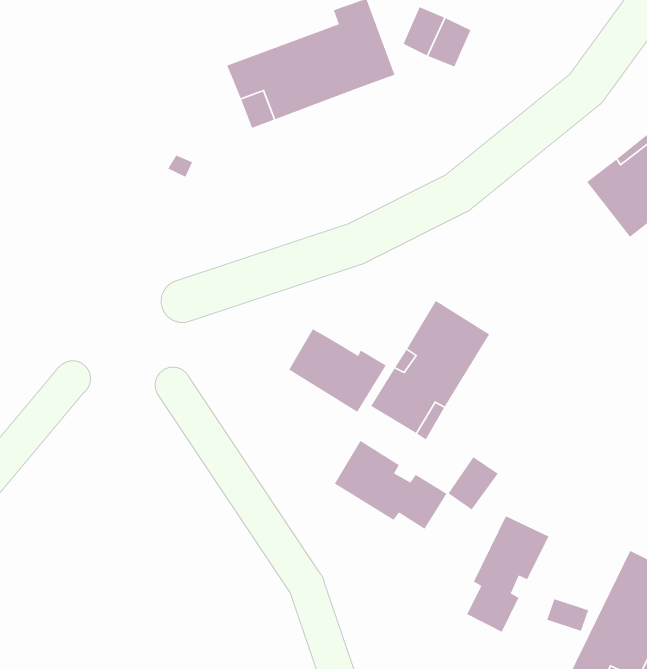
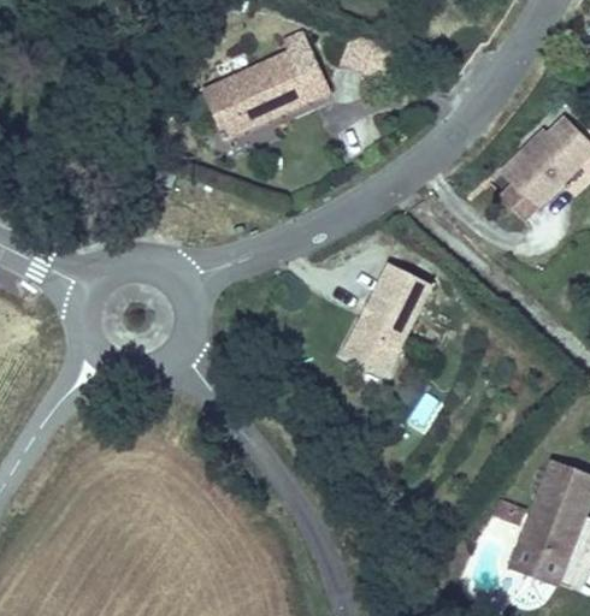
building: [288,328,387,413] -> none
building: [334,440,448,530] -> none
building: [466,515,549,633] -> none

